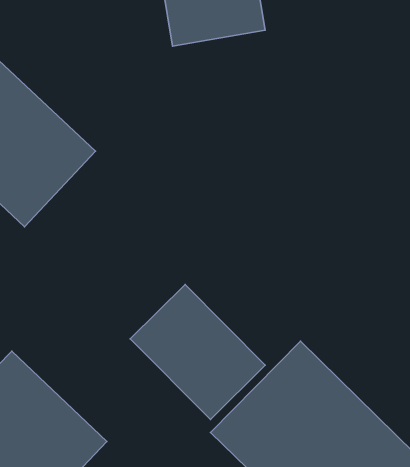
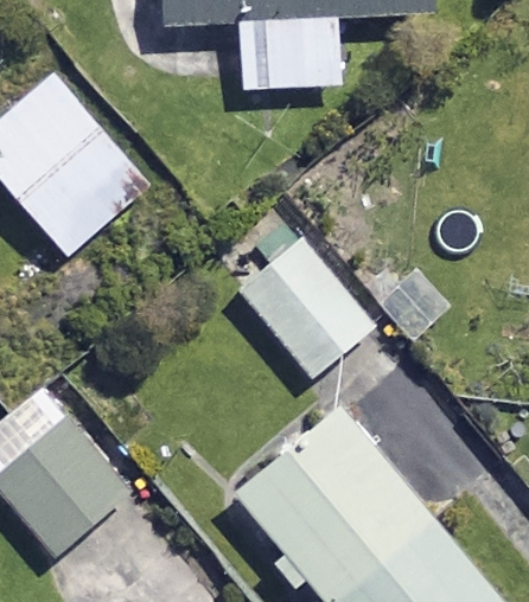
building: [130,285,265,420] -> [237,235,374,377]

